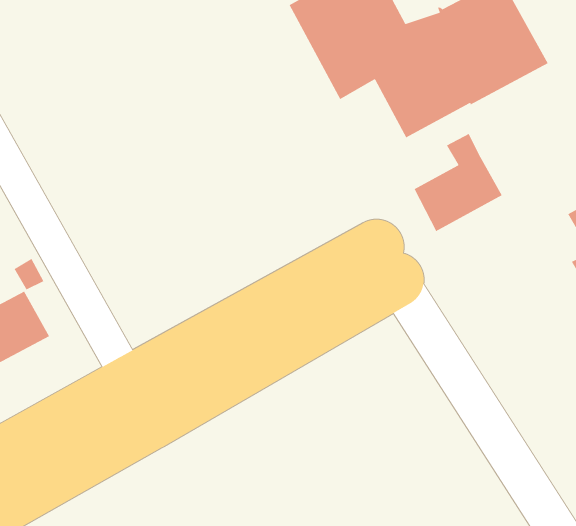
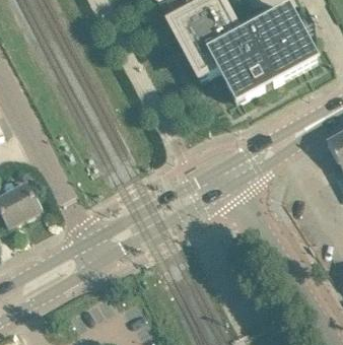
building: [414,133,503,232] -> none

